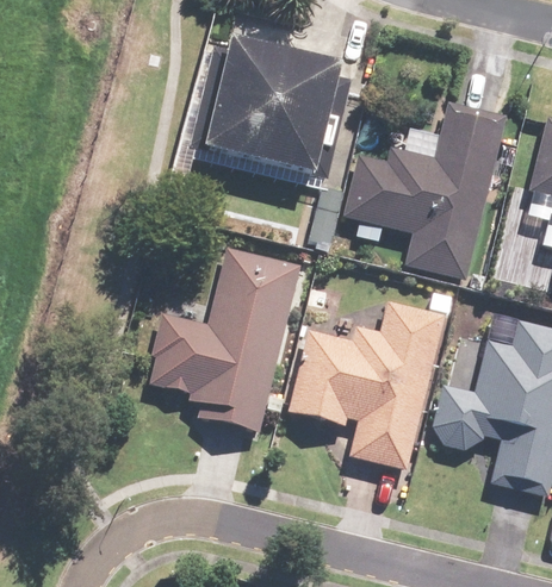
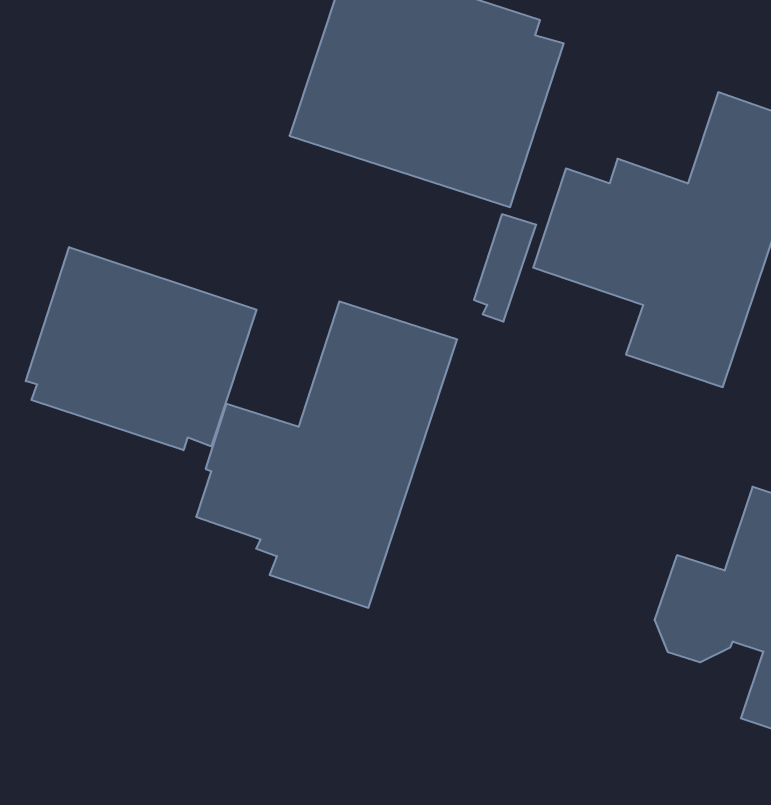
building: none -> [26,247,257,450]
building: [287,299,445,469] -> none

